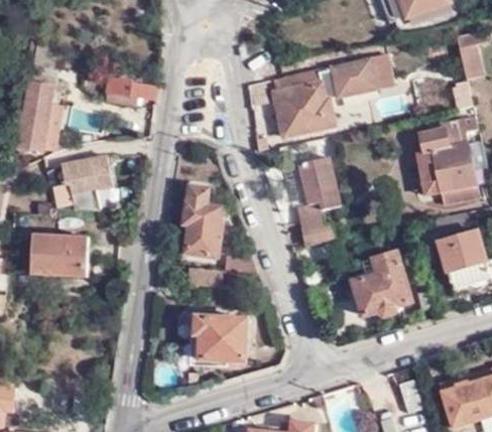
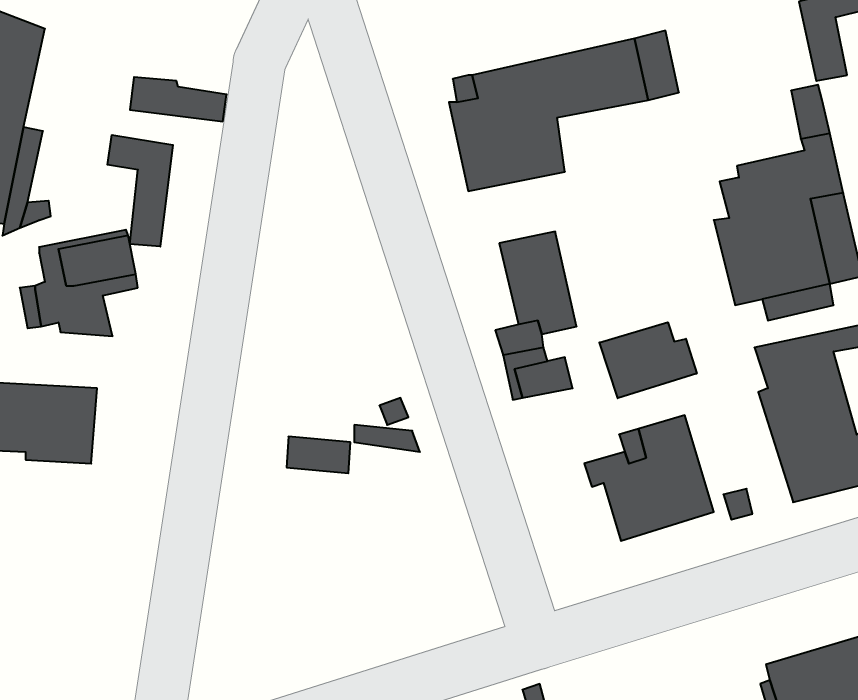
building: none -> [107,135,173,247]
building: [178,182,225,255] -> none
building: none -> [599,322,697,398]
building: [190,312,250,359] -> none

